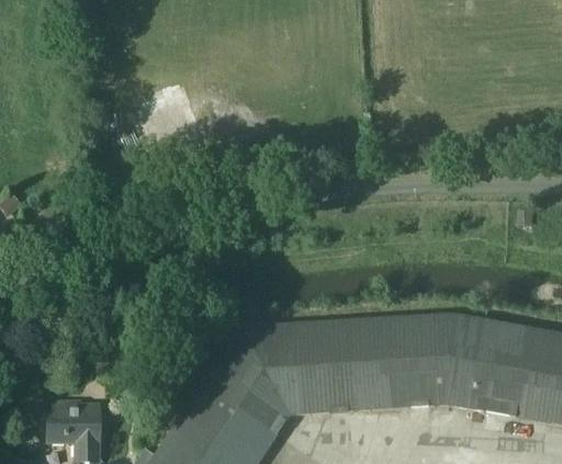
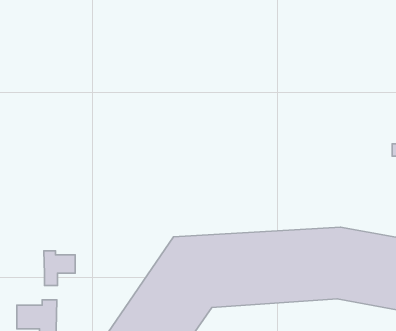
building: none -> [44,251,75,285]

